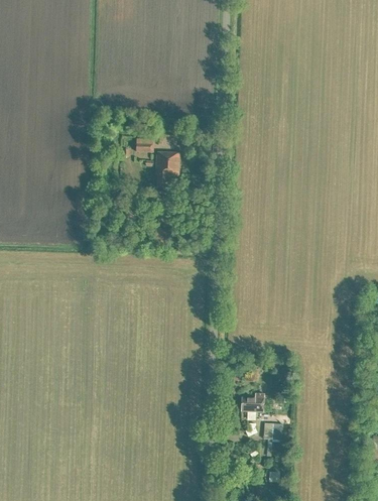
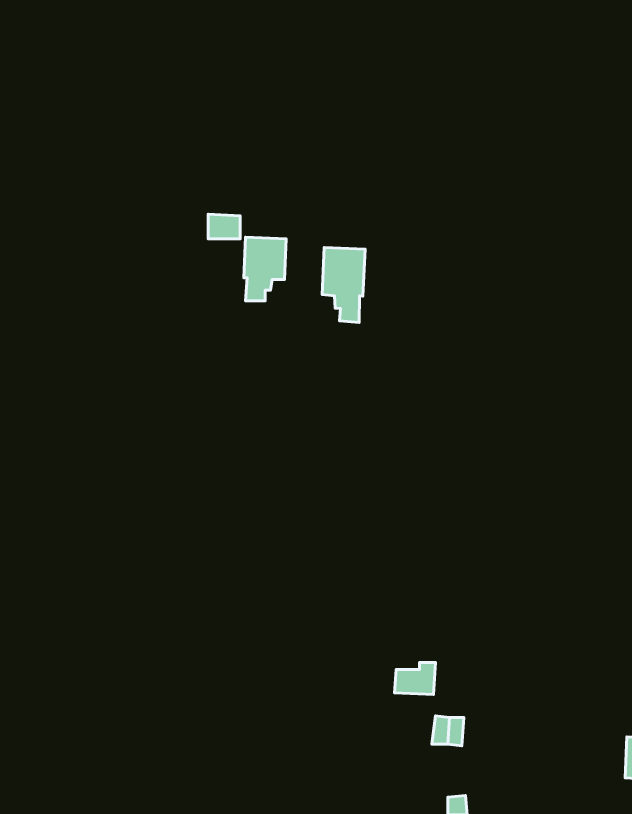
building: none -> [322,248,365,323]

